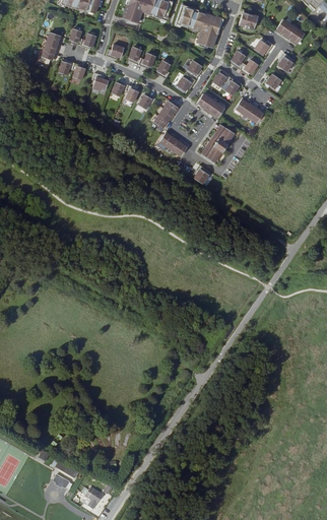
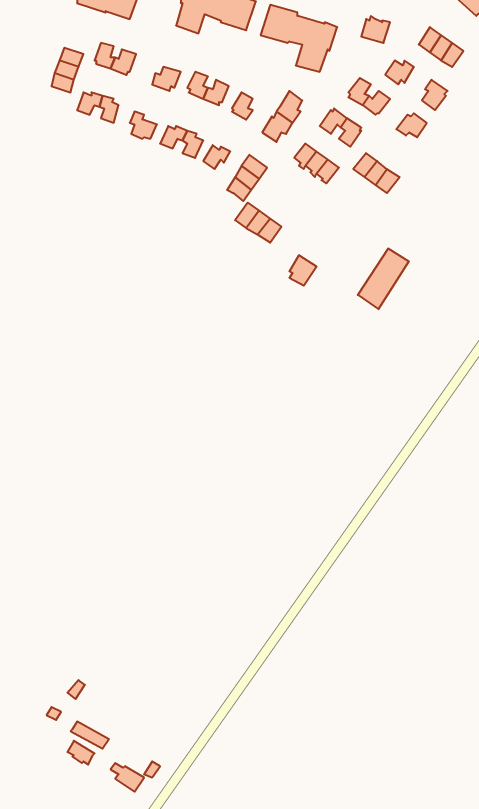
building: [202,123,235,161] -> [358,249,409,309]

